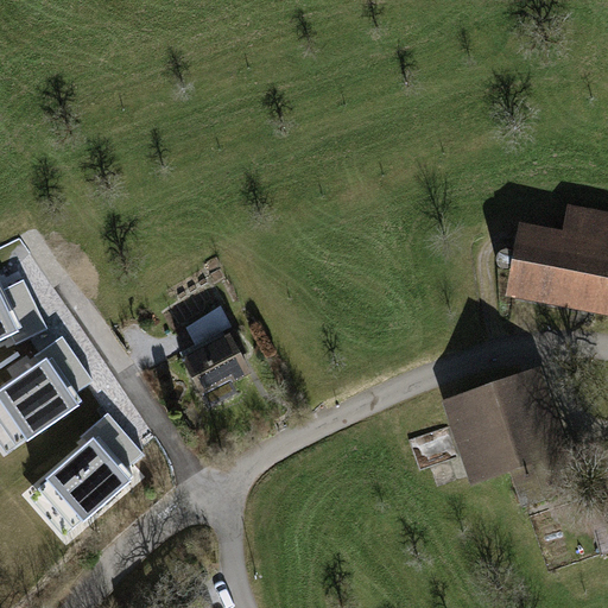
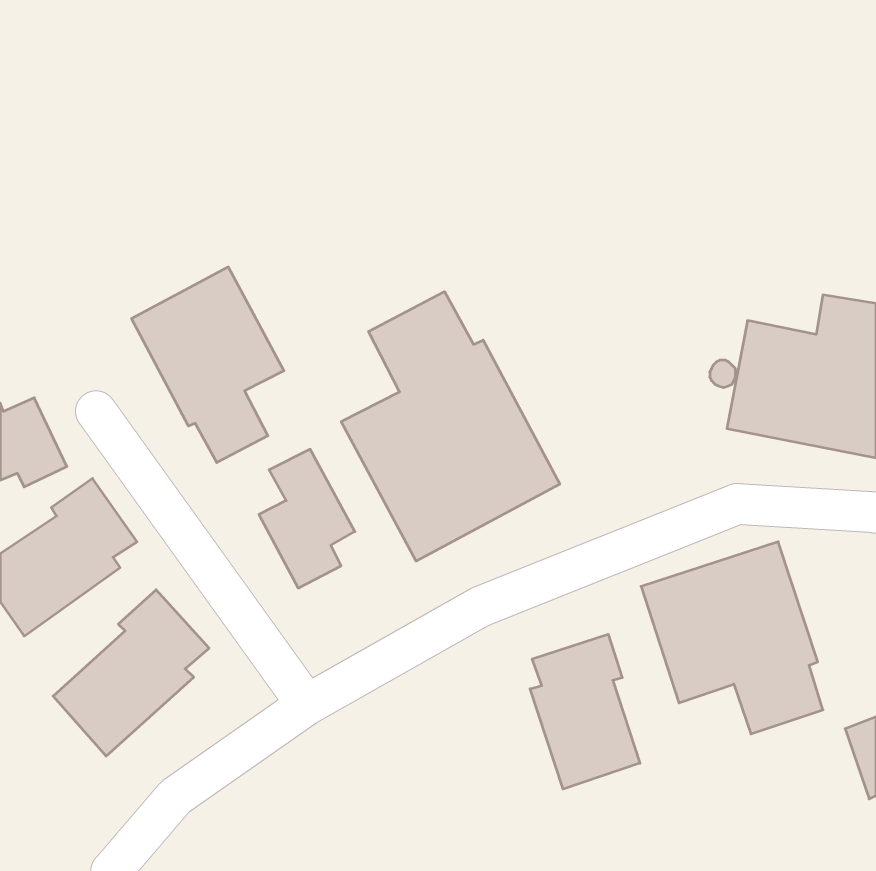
building: none -> [132,267,284,463]
building: none -> [341,292,560,561]
building: none -> [530,634,640,789]

